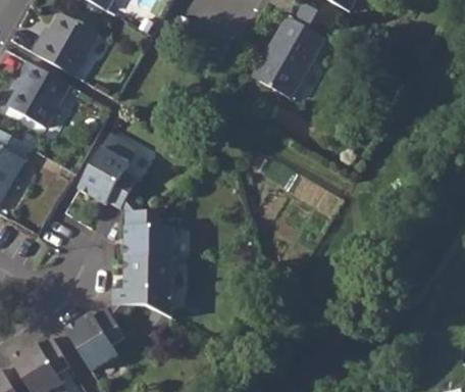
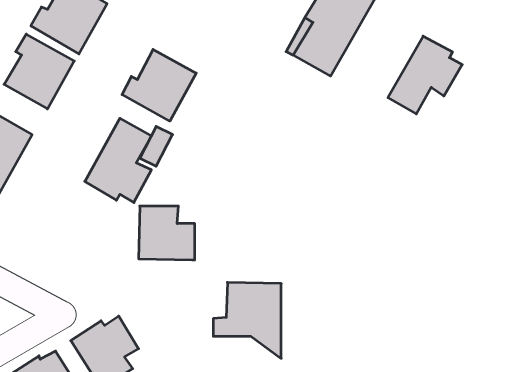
building: none -> [388,36,462,114]
building: none -> [122,49,196,121]
building: [112,257,171,324] -> [213,282,281,358]

